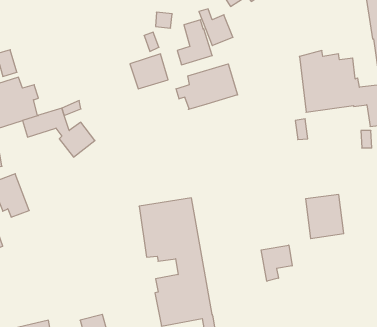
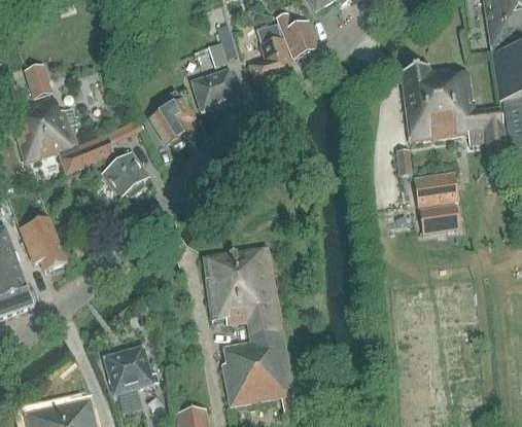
building: [176,64,238,109] -> none
building: none -> [150,92,192,144]
building: [306,195,344,239] -> [413,172,460,226]
building: [261,245,292,281] -> none
building: none -> [103,347,158,394]

